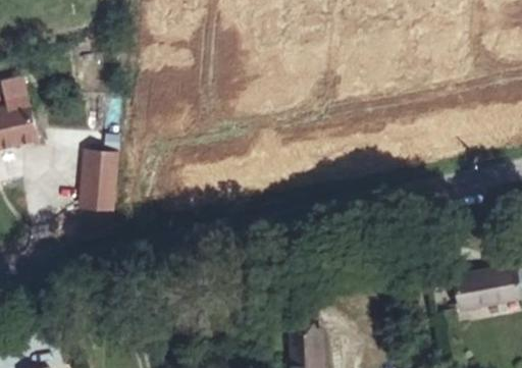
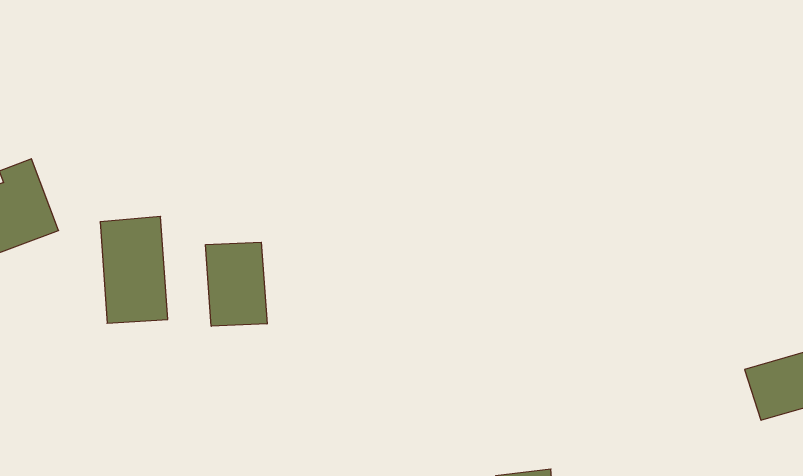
building: none -> [206,242,267,326]

